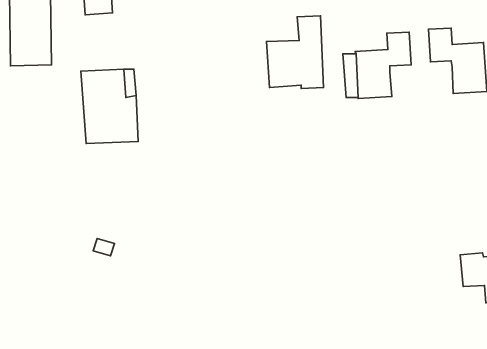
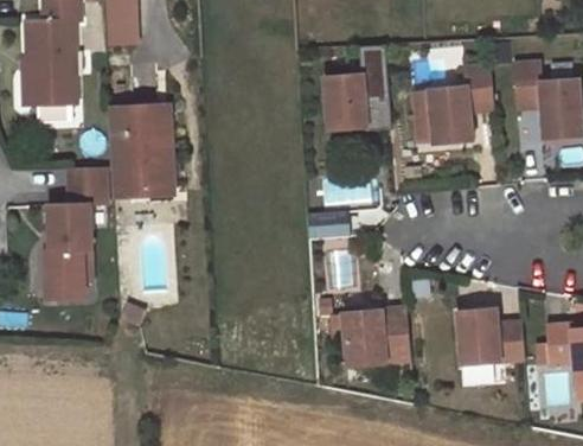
building: none -> [43,167,104,283]
building: none -> [345,305,412,364]
building: none -> [459,307,527,364]

